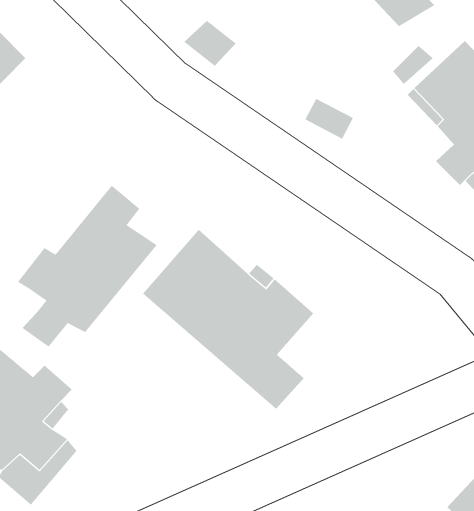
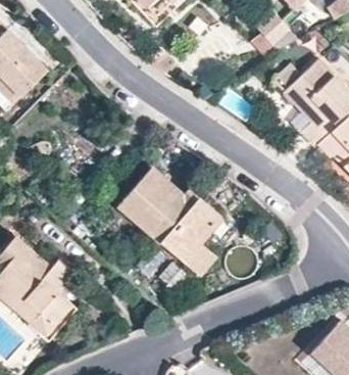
building: [17,185,158,348] -> none

